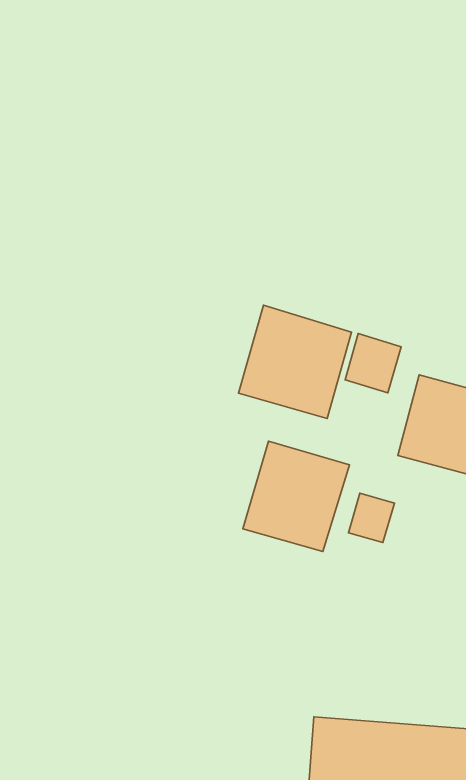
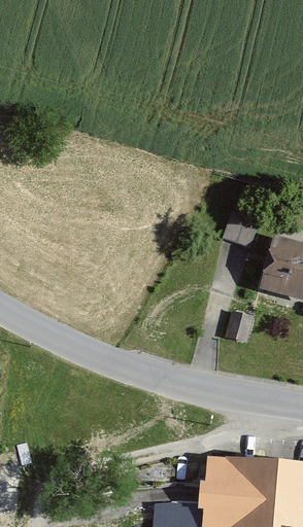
building: [238,305,351,419] -> none
building: [243,441,350,552] -> none

